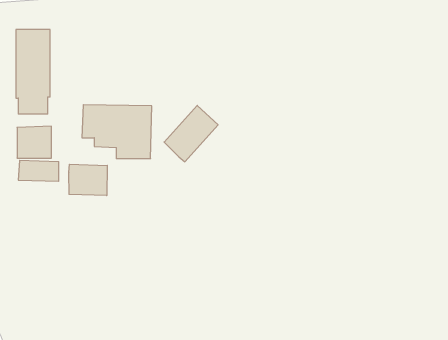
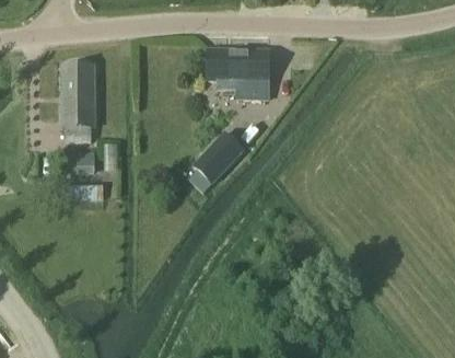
building: [82,105,152,159] -> [207,47,269,95]
building: [69,164,107,196] -> none

